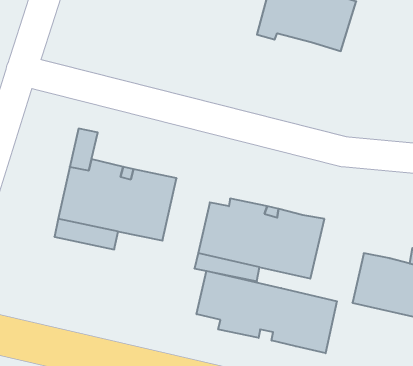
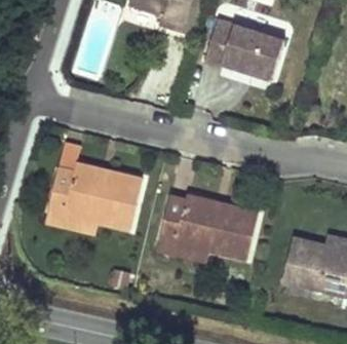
building: [197,271,337,353] -> none

